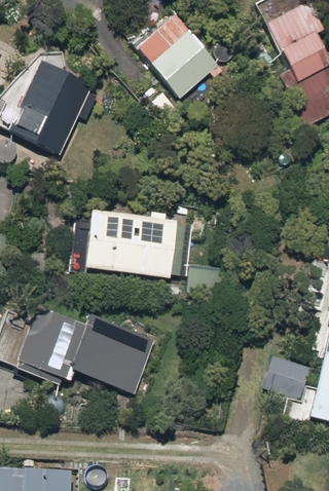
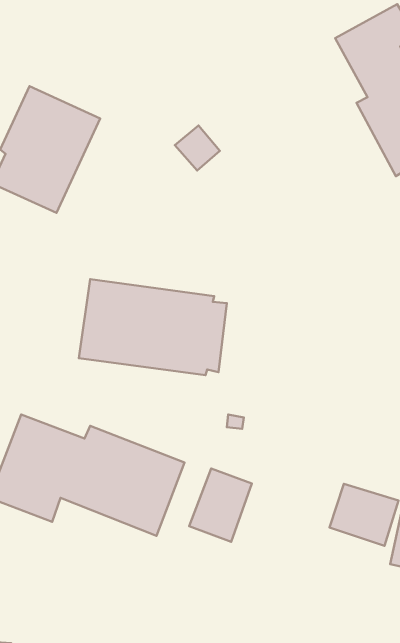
building: [137,34,218,102] -> none
building: none -> [189,469,252,542]

